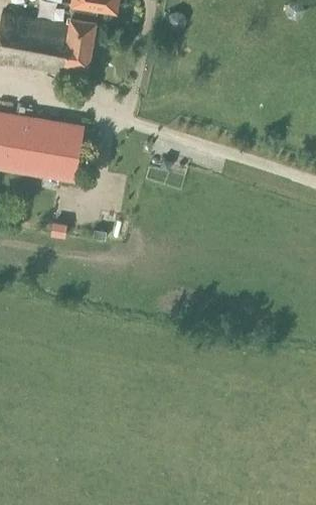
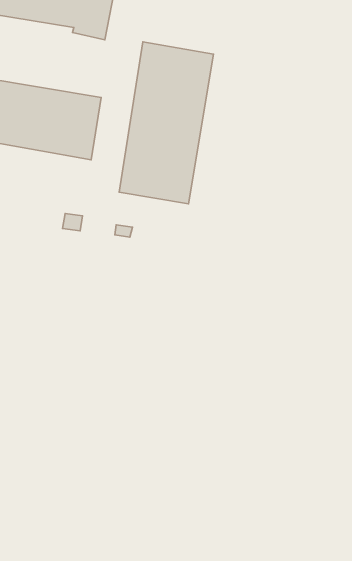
building: none -> [119,42,214,204]

